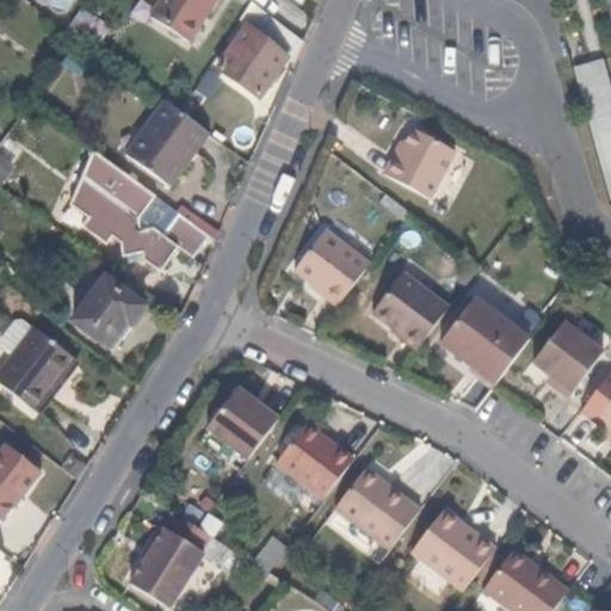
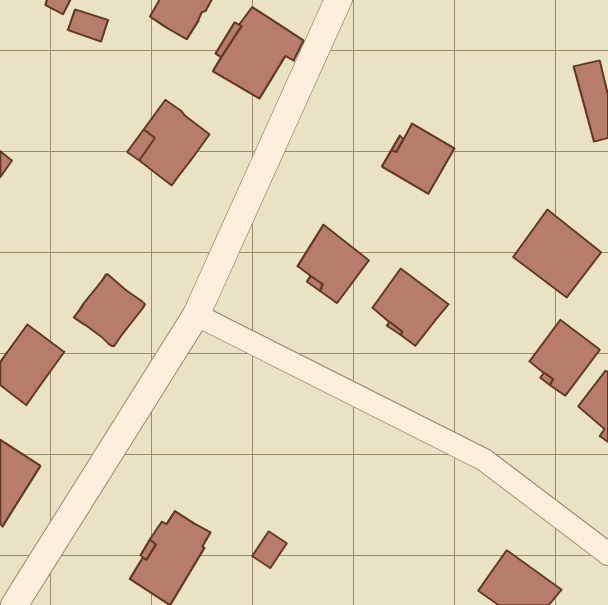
building: [69,149,208,274] -> none
building: [440,296,529,384] -> [513,210,601,297]
building: [208,385,279,457] -> none
building: [276,421,353,498] -> none
building: [332,464,419,548] -> none
building: [408,508,493,591] -> none

